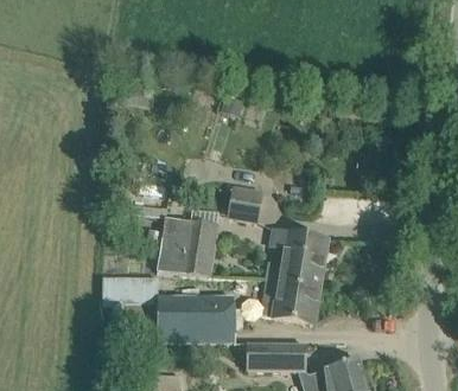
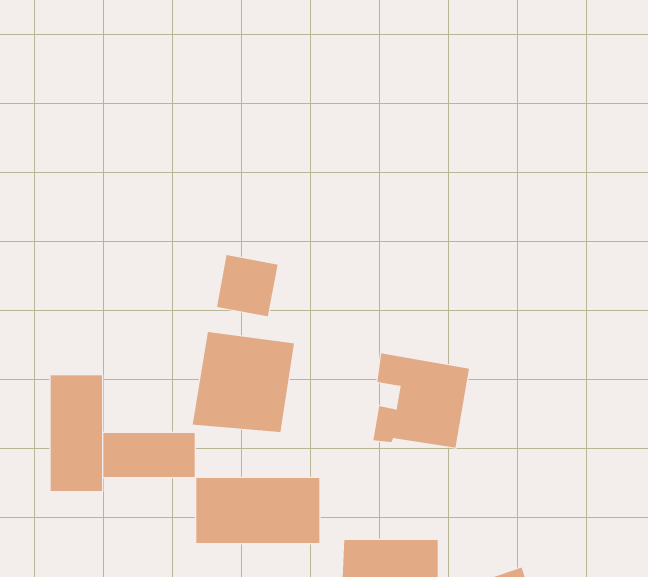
building: [227,182,265,220] -> [216,255,278,317]
building: none -> [50,374,102,492]
building: [260,278,317,320] -> none

